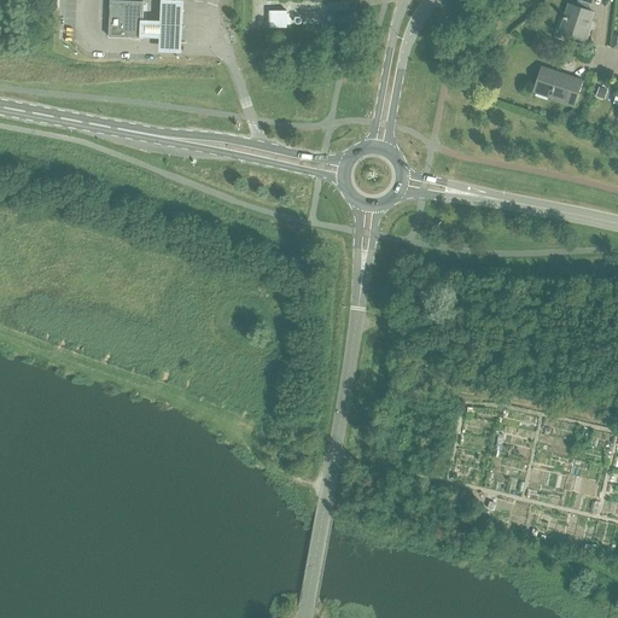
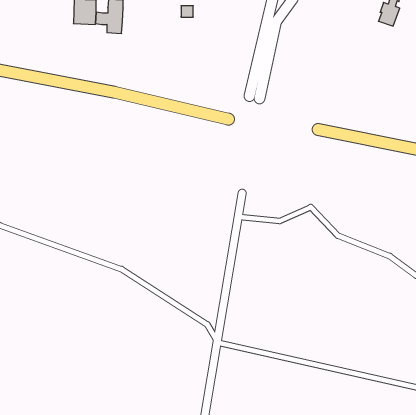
building: [532,65,581,104] -> none

